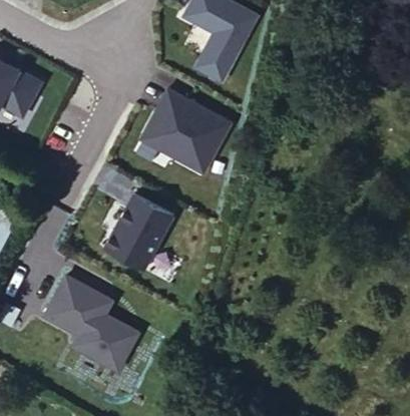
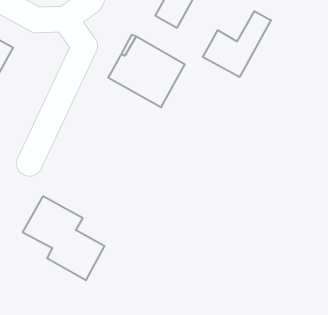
building: none -> [203,11,271,77]
building: [107,182,176,259] -> none

